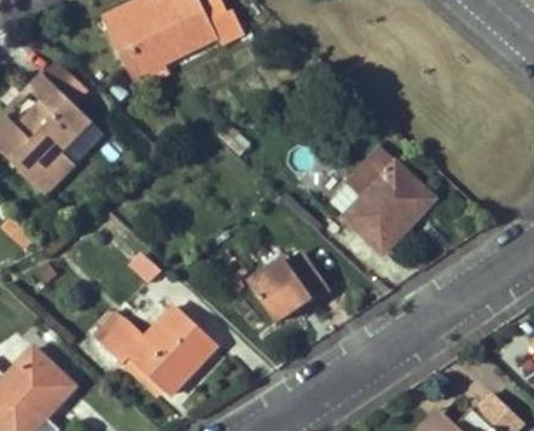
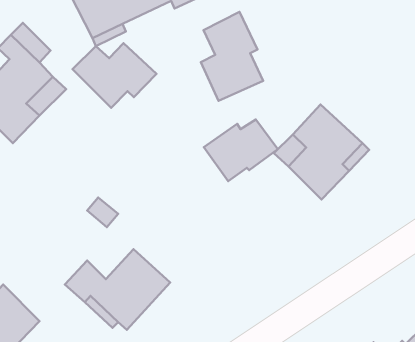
building: none -> [201,12,263,101]
building: none -> [73,43,156,108]
building: [249,254,330,321] -> [204,119,278,181]

